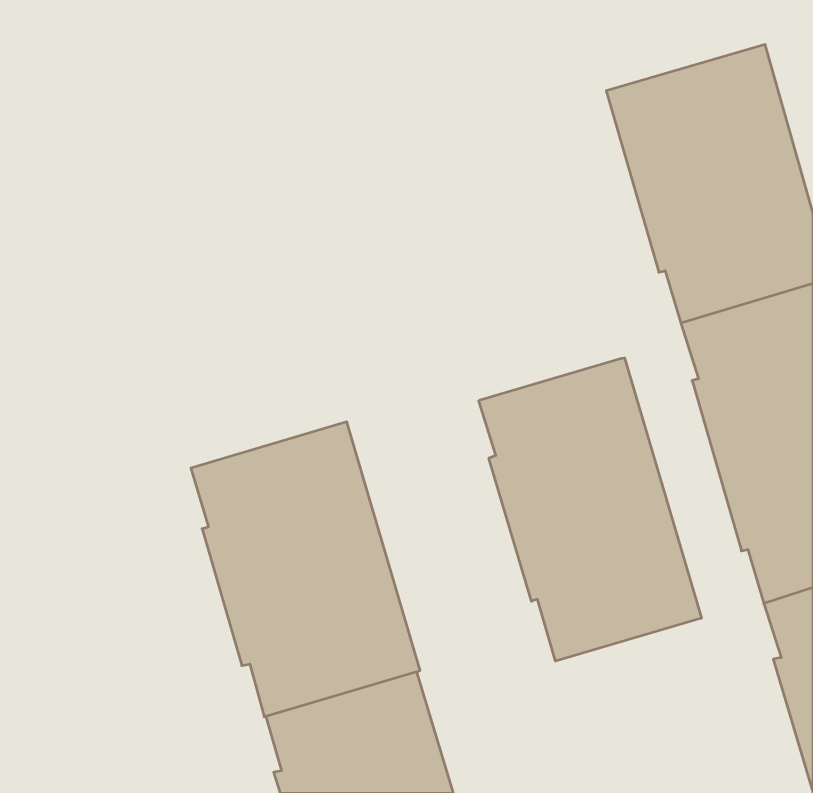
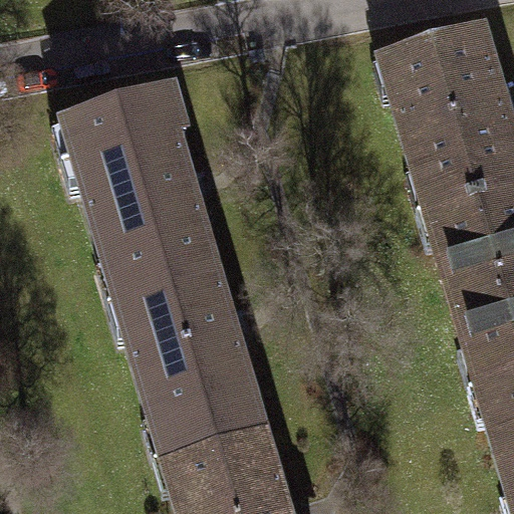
building: none -> [63,83,219,295]
building: [479,358,701,661] -> none

